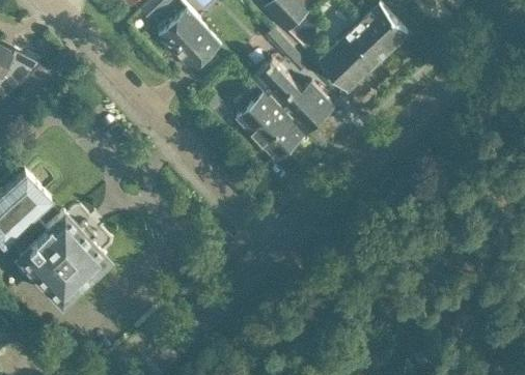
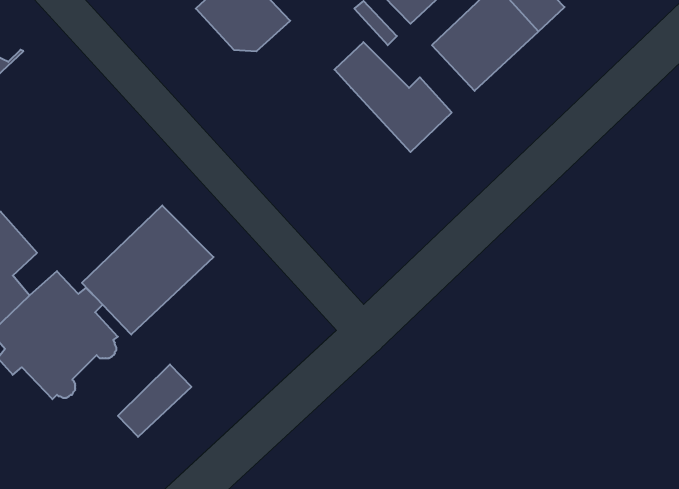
building: [236,90,304,161] -> none
building: none -> [82,205,214,335]
building: none -> [118,364,191,437]

